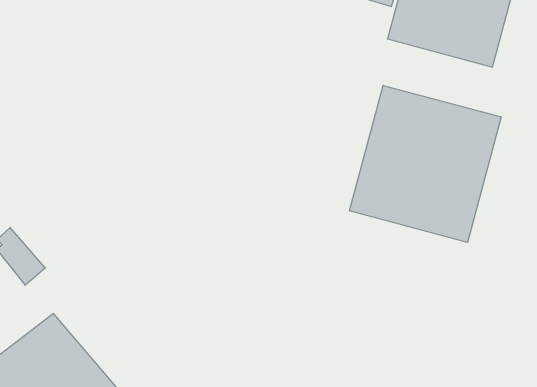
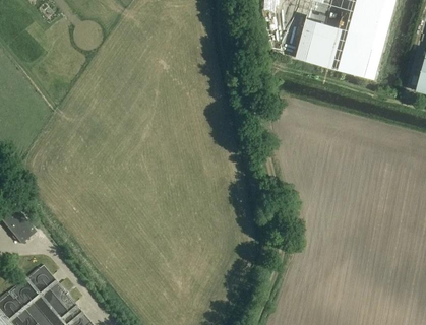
building: [350,85,501,242] -> none

